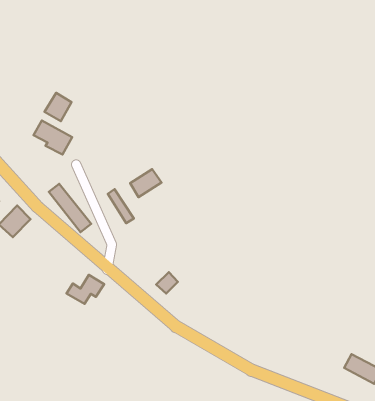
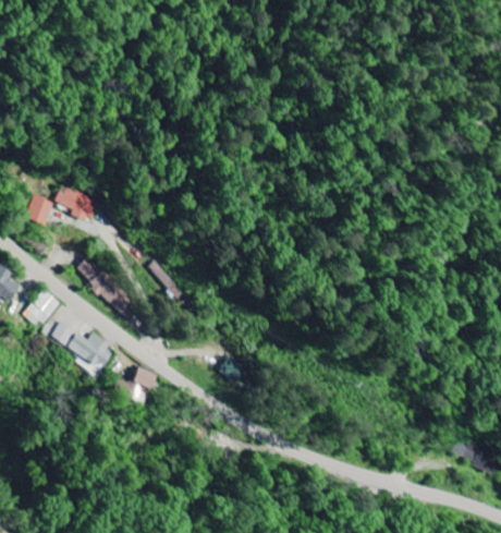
building: [45,93,71,121] -> [22,194,53,228]
building: [130,169,161,197] -> none
building: none -> [49,322,114,373]

